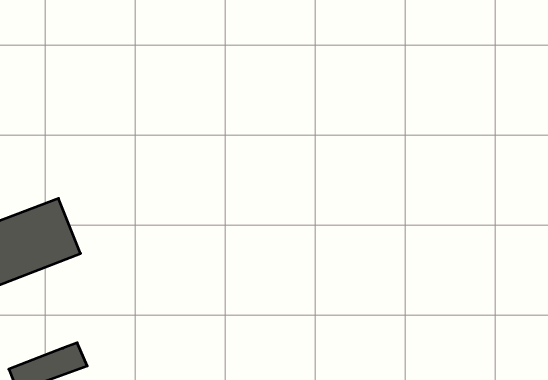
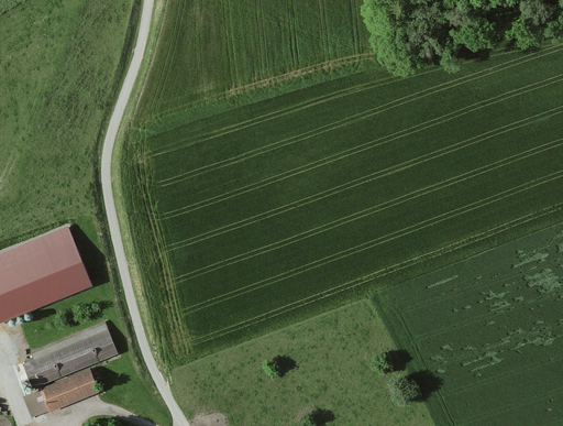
building: none -> [23,328,115,385]

